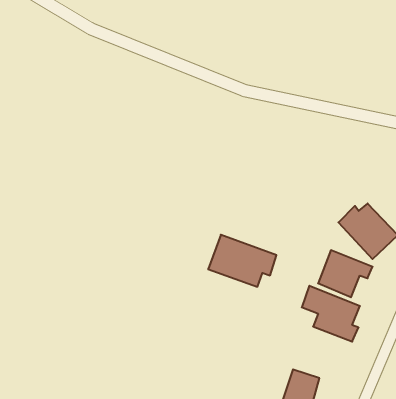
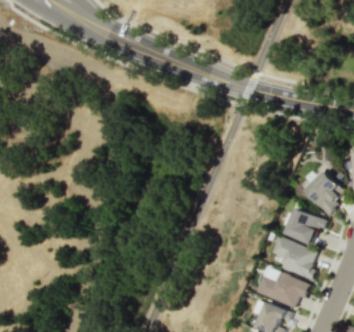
building: [208,235,276,287] -> [255,267,309,308]

